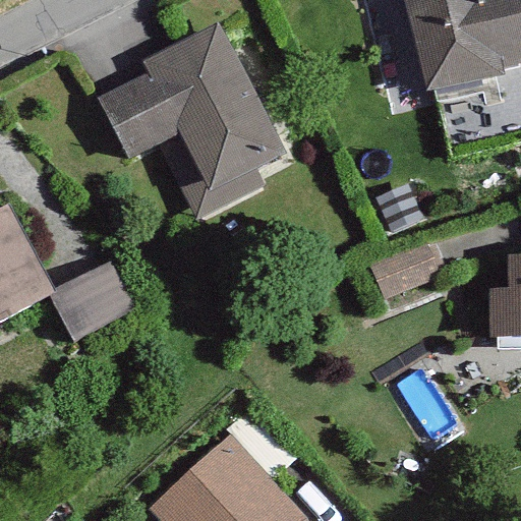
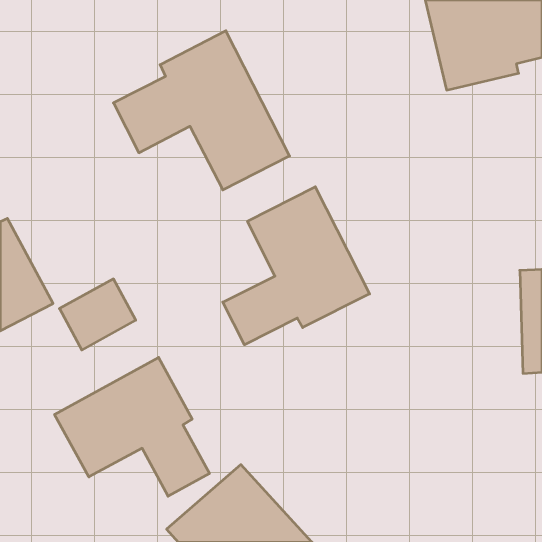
building: none -> [223,187,370,345]
building: none -> [55,357,209,496]

